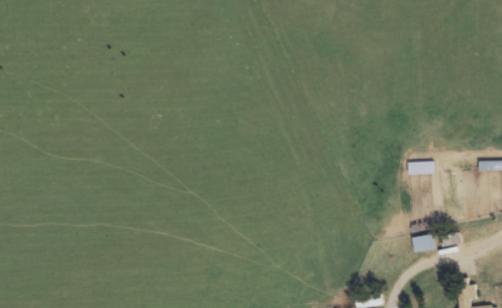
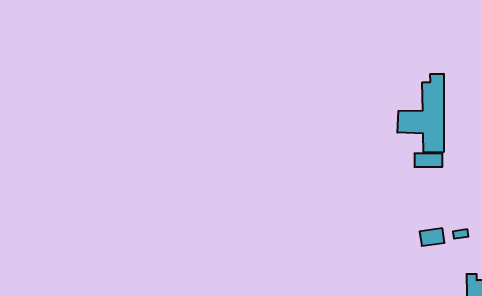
building: none -> [397,74,444,152]

